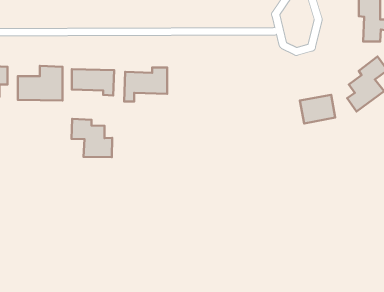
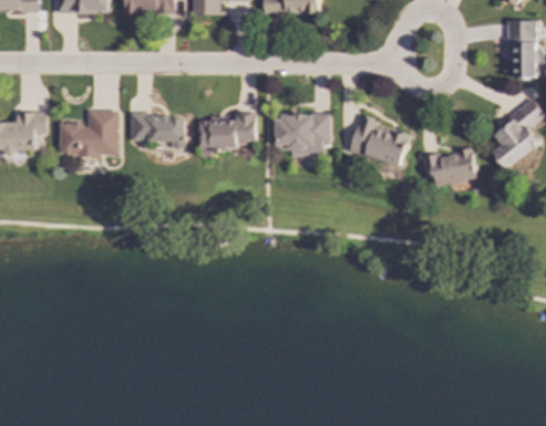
building: none -> [275,115,329,157]
building: none -> [349,120,409,166]
building: [71,119,112,157] -> none

